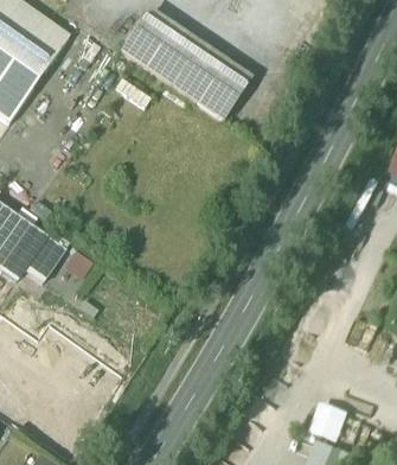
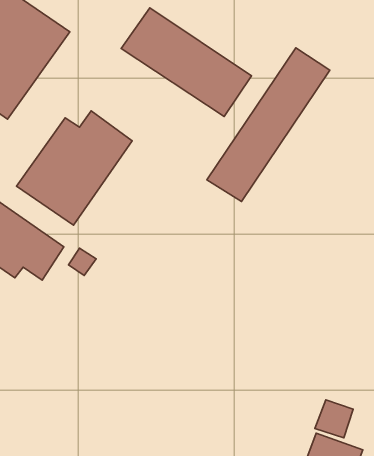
building: none -> [207,48,330,201]
building: none -> [17,111,132,225]

